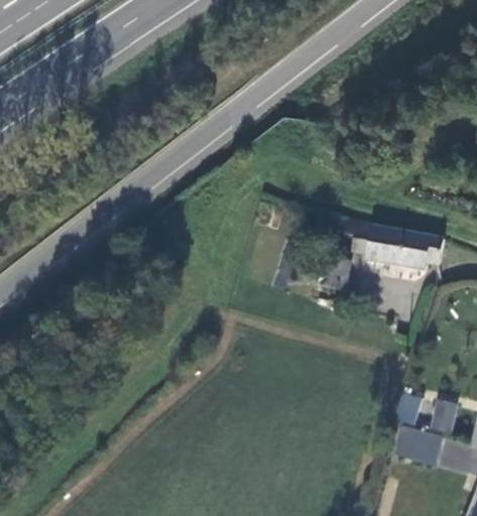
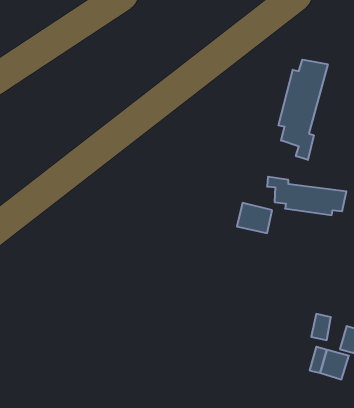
building: none -> [278,60,328,160]

